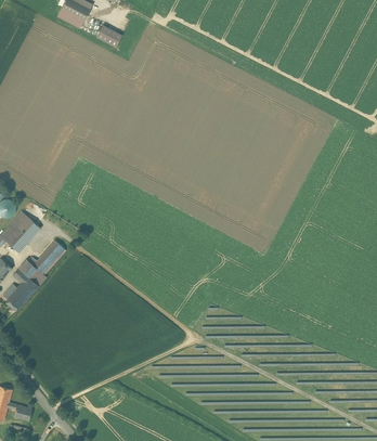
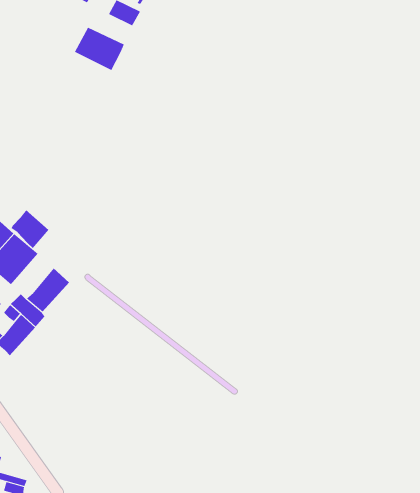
building: none -> [74,27,124,71]
building: none -> [11,210,49,249]

